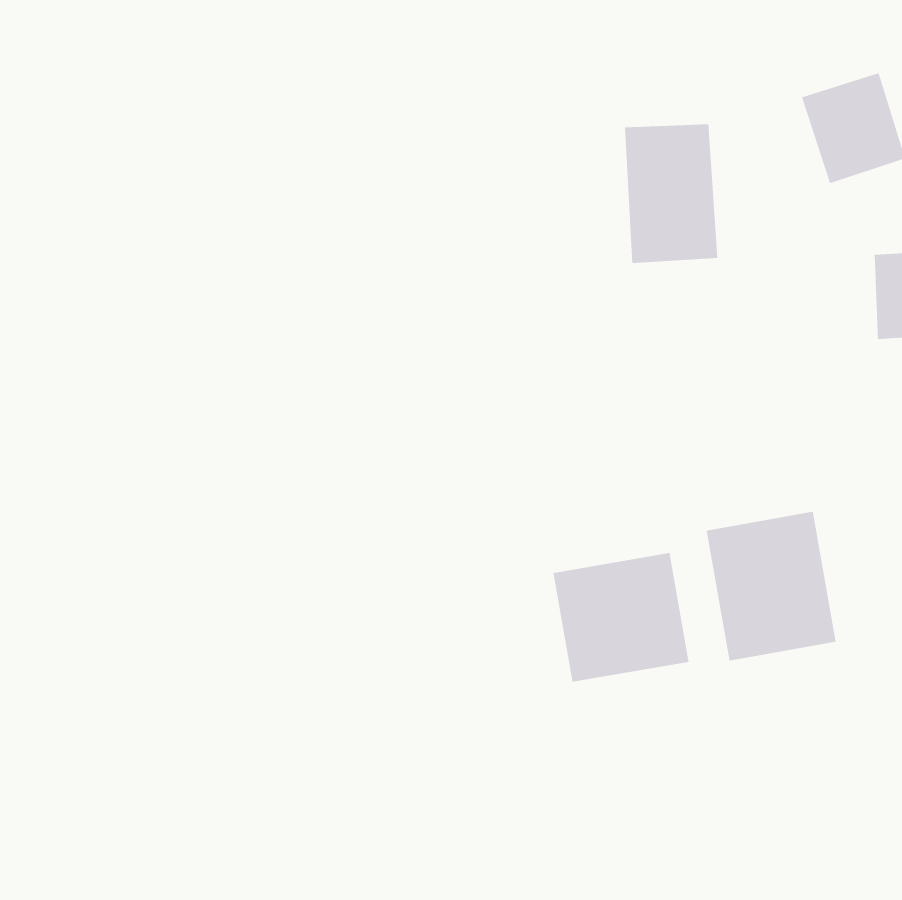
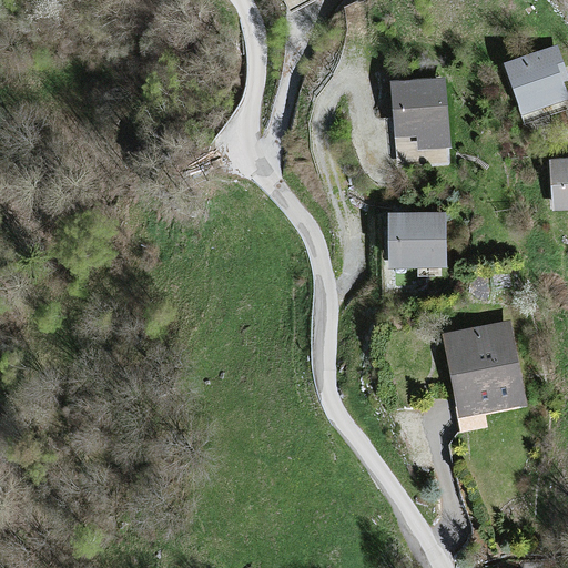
building: none -> [387,213,446,267]
building: [553,552,689,683] -> none

